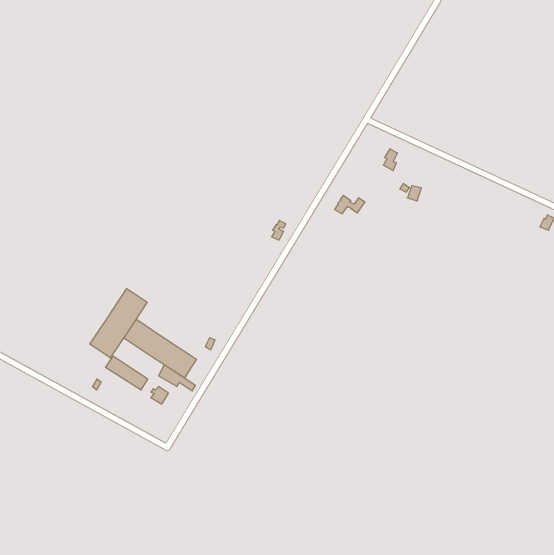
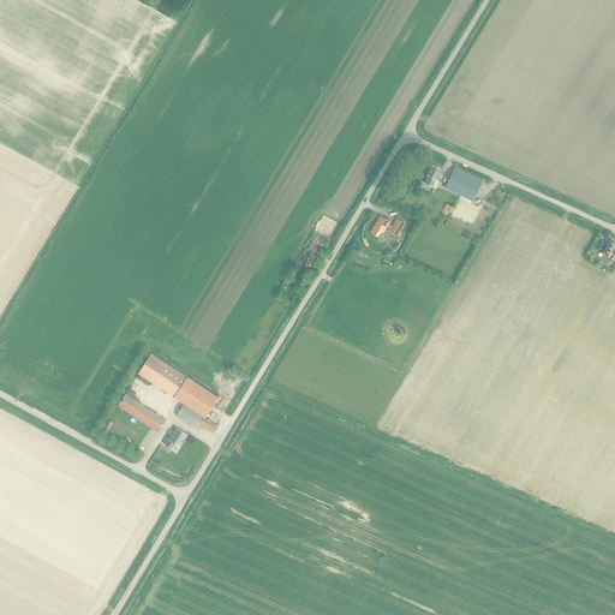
building: none -> [443,167,482,202]
building: [90,289,147,358] -> none

